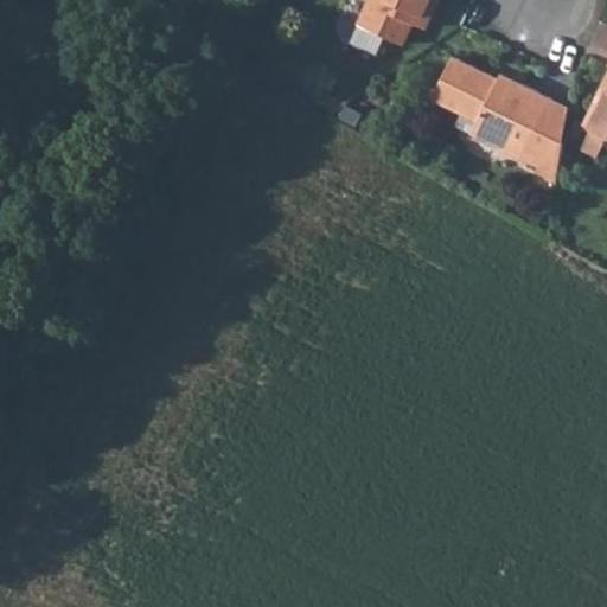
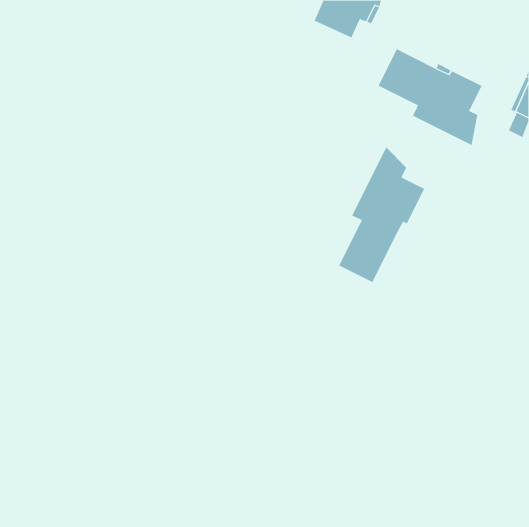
building: none -> [338,146,425,283]

